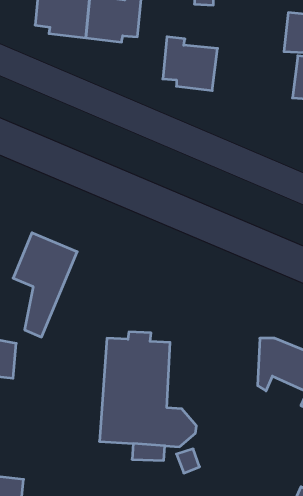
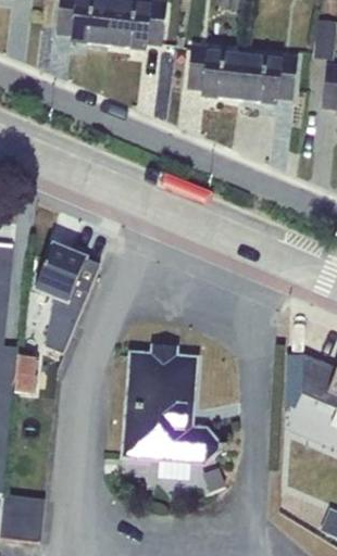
building: none -> [239,52,298,102]

